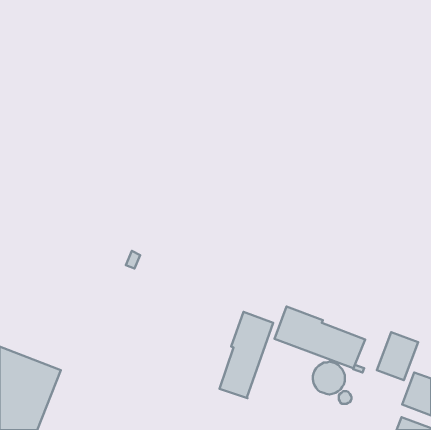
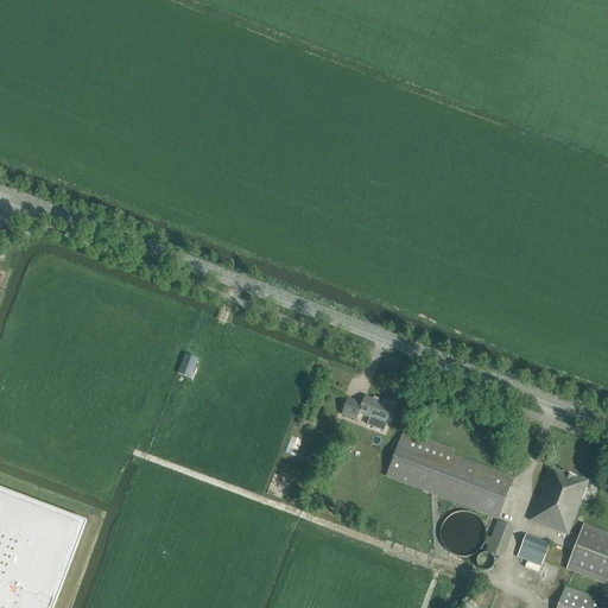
building: none -> [341,395,391,429]
building: [219,312,273,398] -> none
building: none -> [517,534,549,565]

